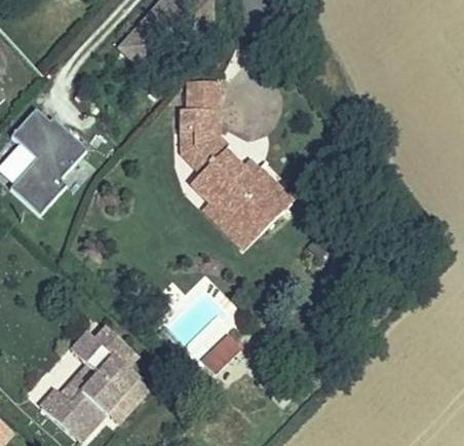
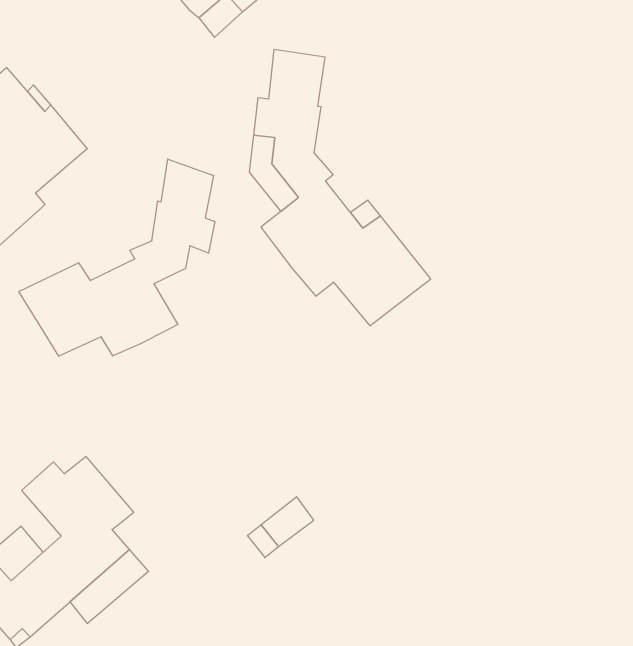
building: none -> [19,159,215,356]
building: [205,205,259,249] -> none

